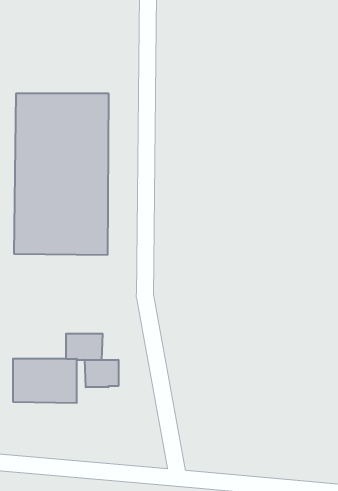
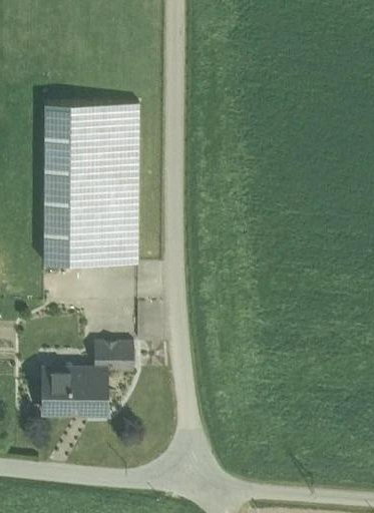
building: [85,360,118,387] -> none

